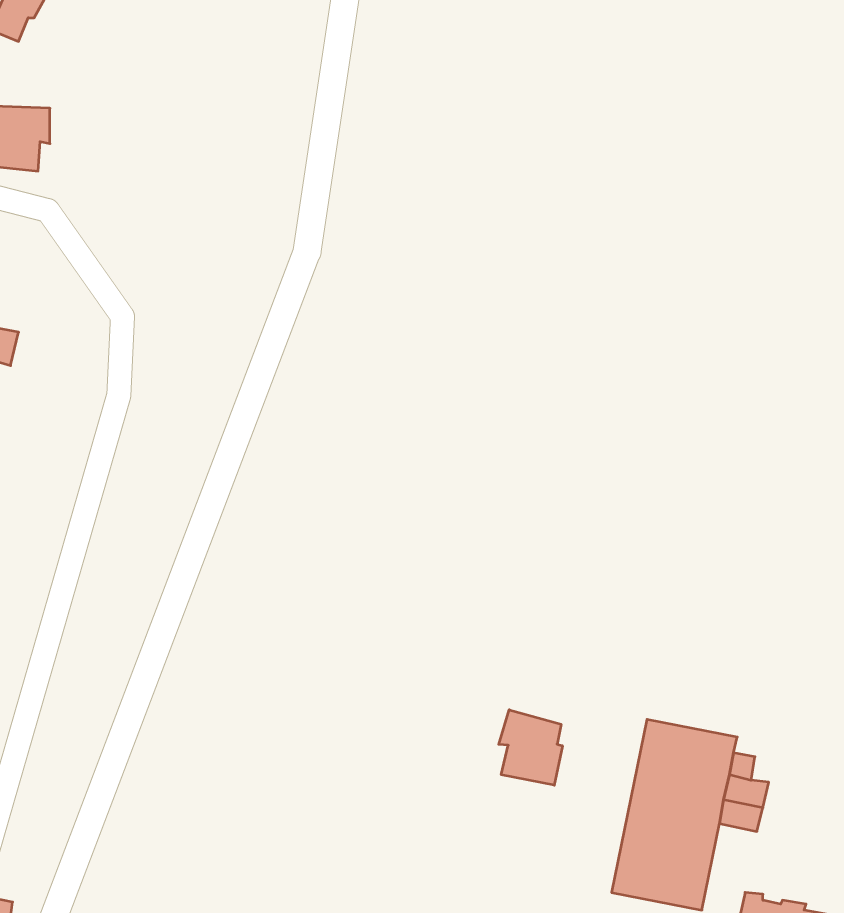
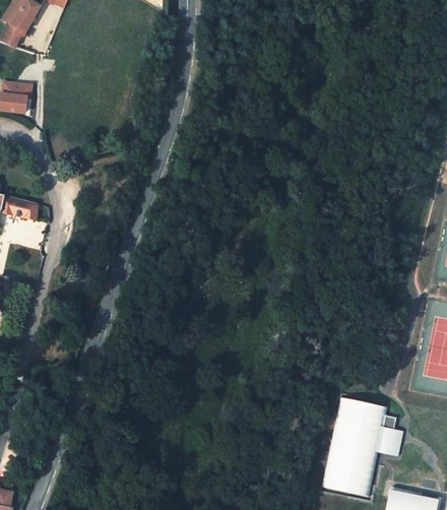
building: none -> [11,197,38,220]
building: [499,710,562,785] -> none

